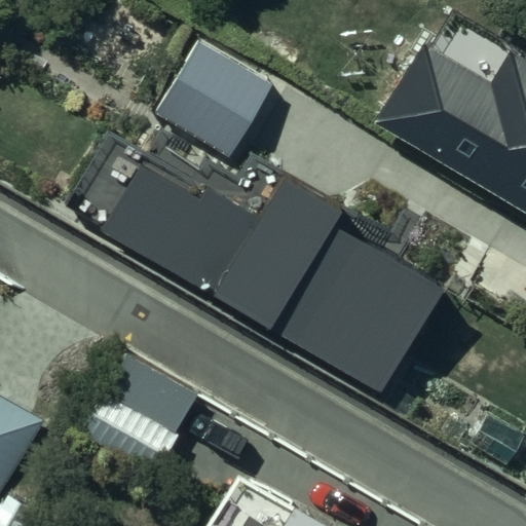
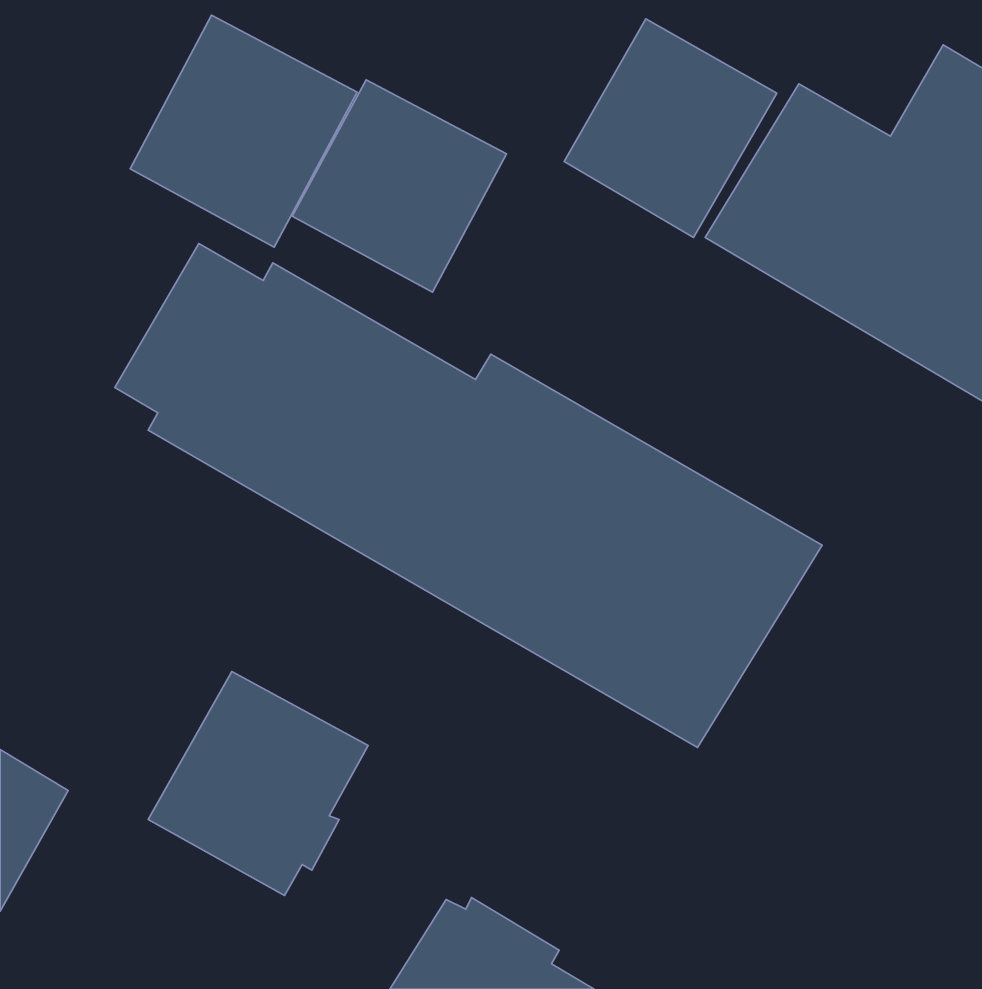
building: none -> [130,15,357,247]
building: none -> [564,19,777,237]

